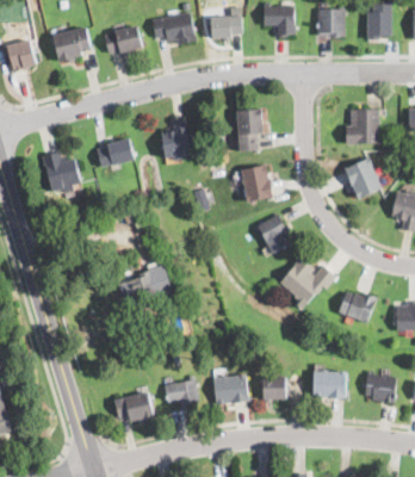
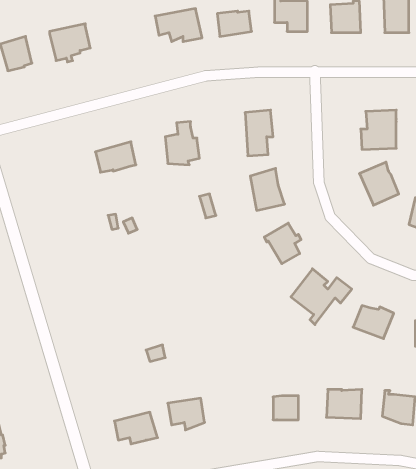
building: [103,26,142,55] -> none
building: [41,151,81,193] -> none
building: [122,253,156,304] -> none
building: [213,374,248,404] -> none

